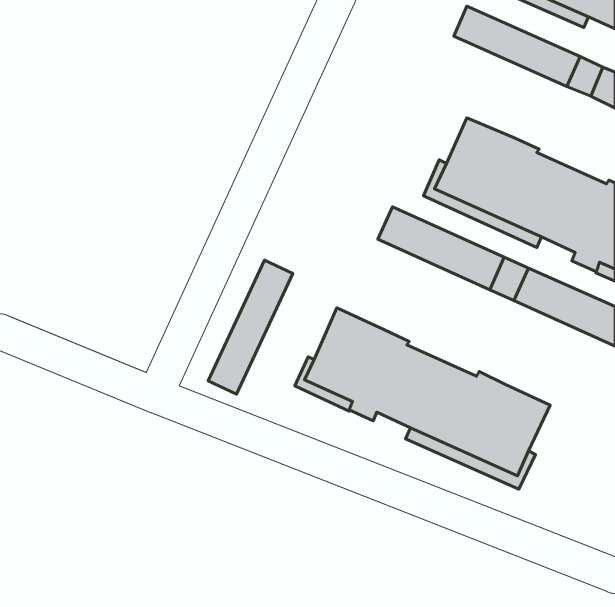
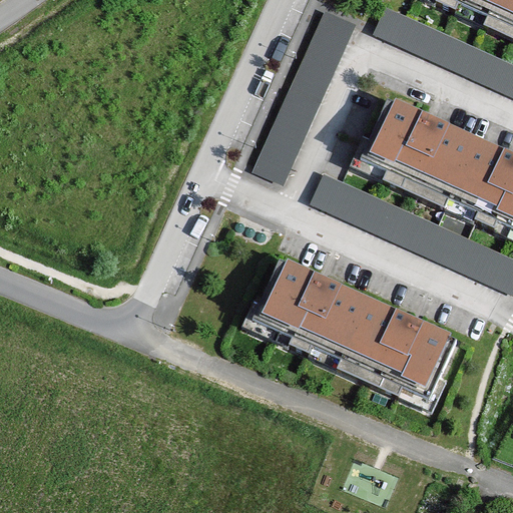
building: none -> [258,10,355,178]
building: [208,260,293,394] -> none

